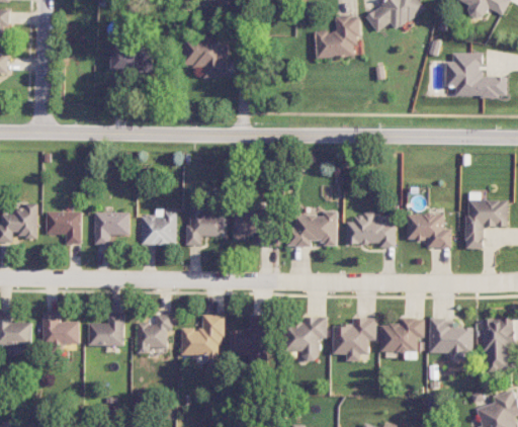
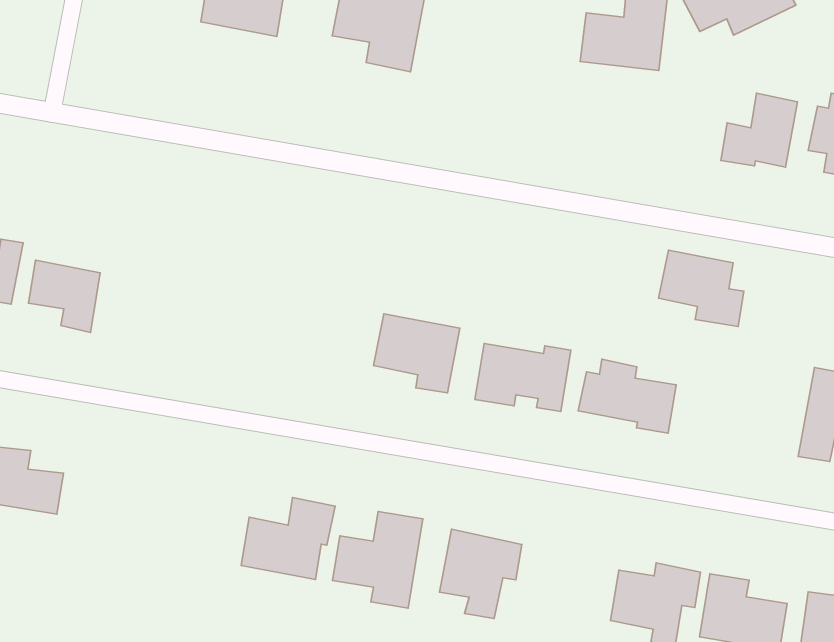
building: none -> [721,93,797,167]
building: [140,210,176,246] -> none
building: [185,210,227,246] -> none
building: [93,212,128,245] -> none
building: [406,214,450,248] -> [659,250,744,327]
building: [86,314,122,346] -> none
building: [136,315,171,354] -> none
building: [332,318,375,361] -> none

